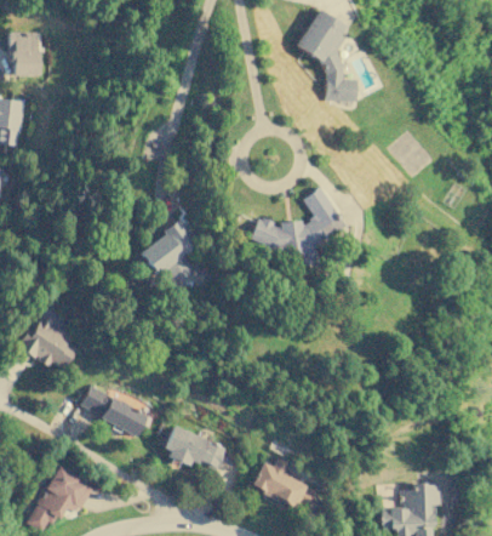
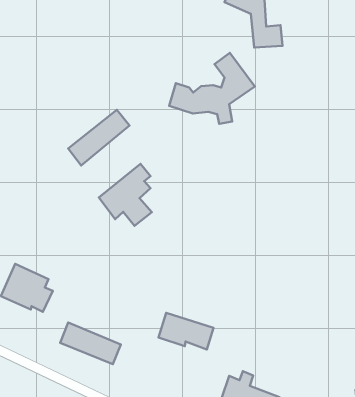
building: none -> [68,110,130,166]
building: [250,188,347,266] -> [169,53,255,124]
building: [162,426,224,471] -> [159,313,214,349]

